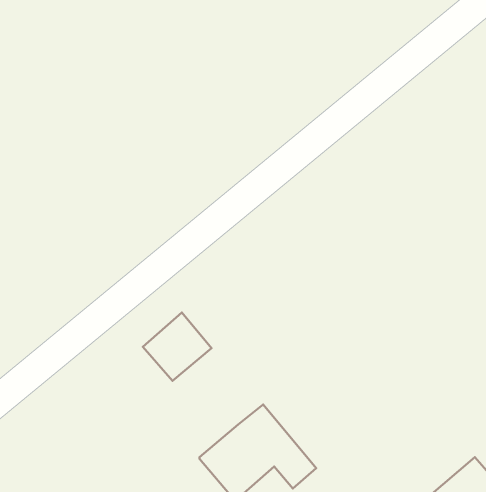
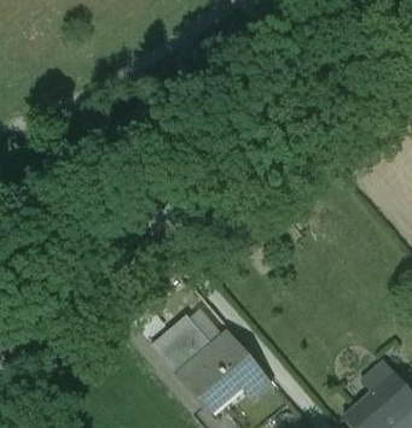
building: [143,312,211,381] -> [157,319,210,373]

